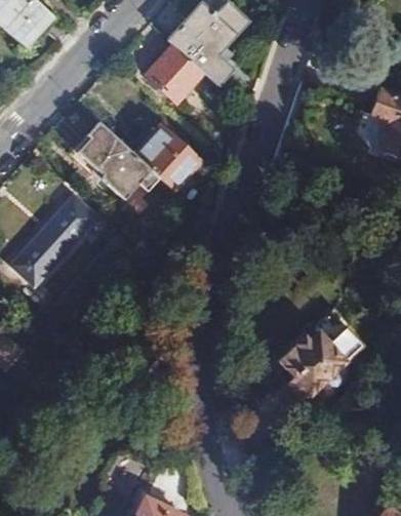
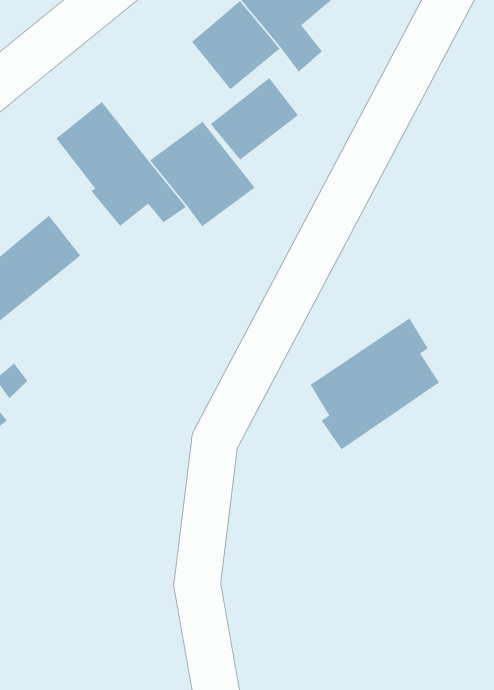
building: none -> [210,77,299,161]
building: [280,311,361,400] -> [310,317,440,450]

